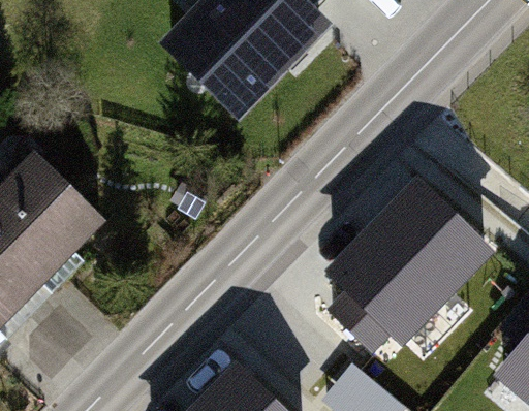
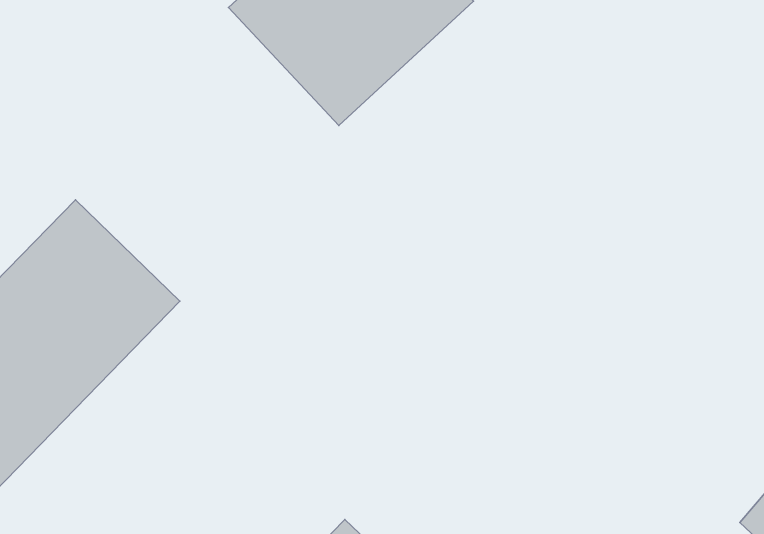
building: [334,184,488,339] -> none

